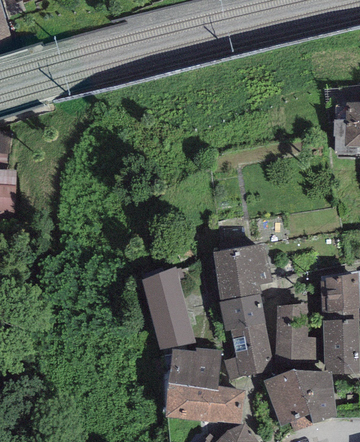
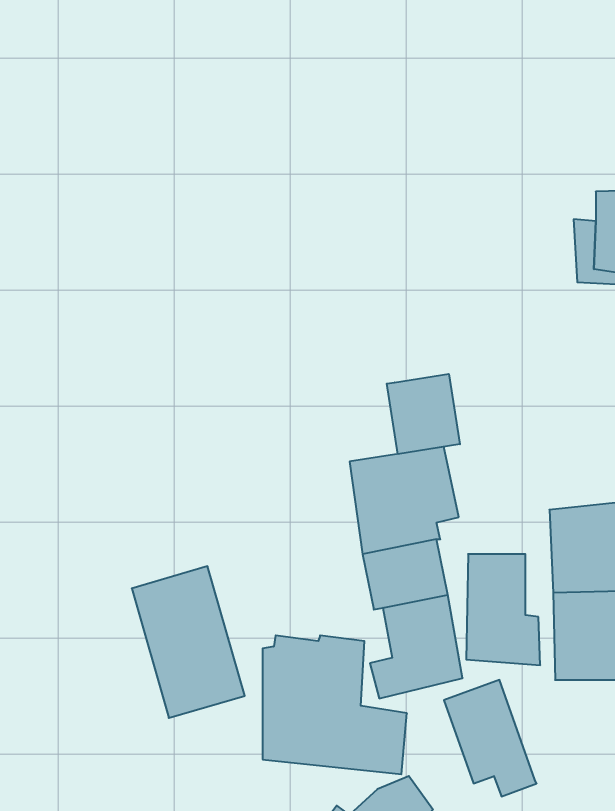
building: none -> [387,374,460,454]
building: [134,268,195,350] -> [132,566,245,718]
building: [293,370,335,424] -> none

